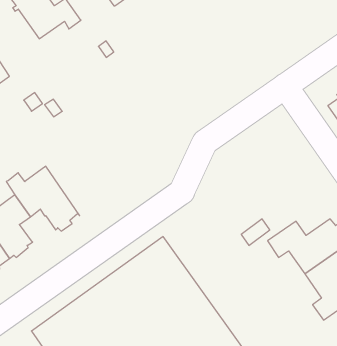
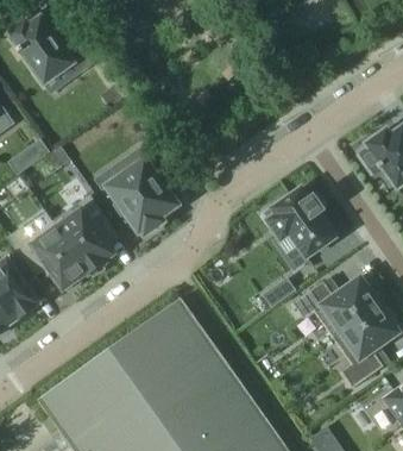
building: none -> [106,140,177,236]
building: none -> [262,190,335,261]
building: none -> [51,196,118,277]

